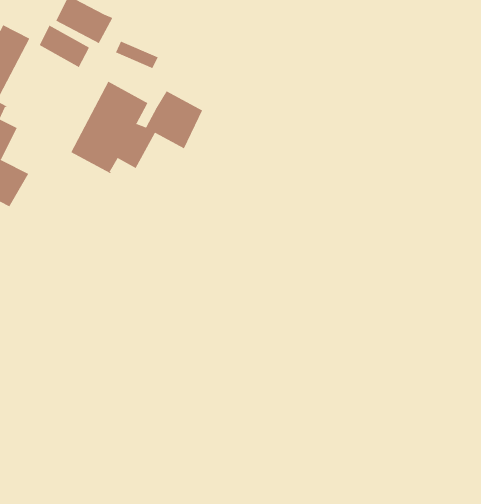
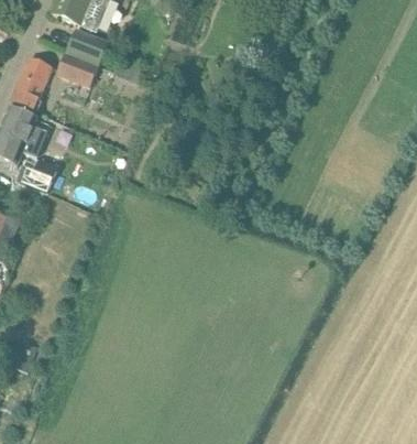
building: [70,81,203,174] -> none

